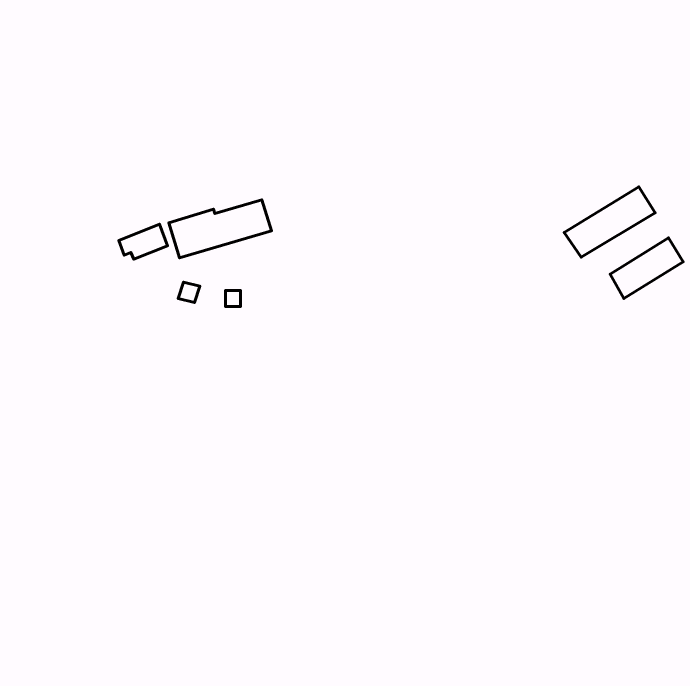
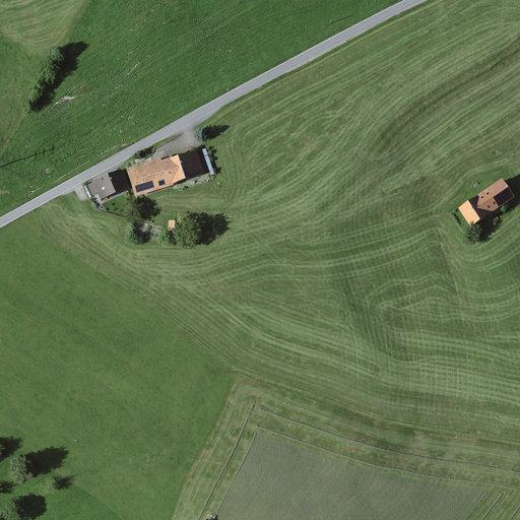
building: [564,187,655,257] -> none

